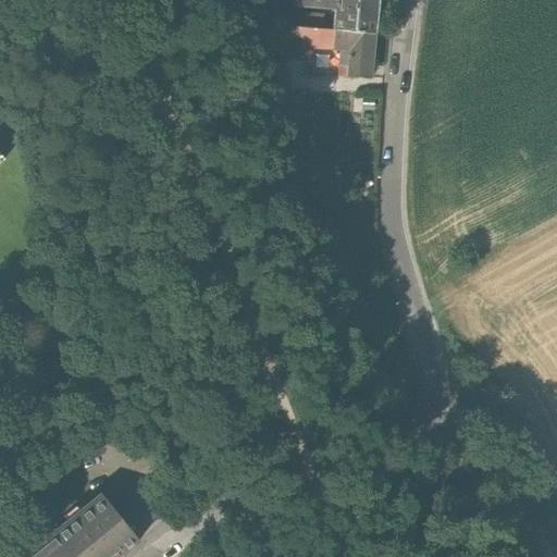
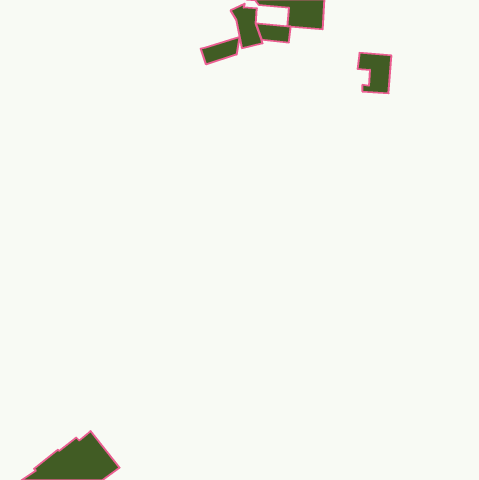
building: [336,30,375,77] -> [358,53,391,93]
building: none -> [201,37,240,64]

